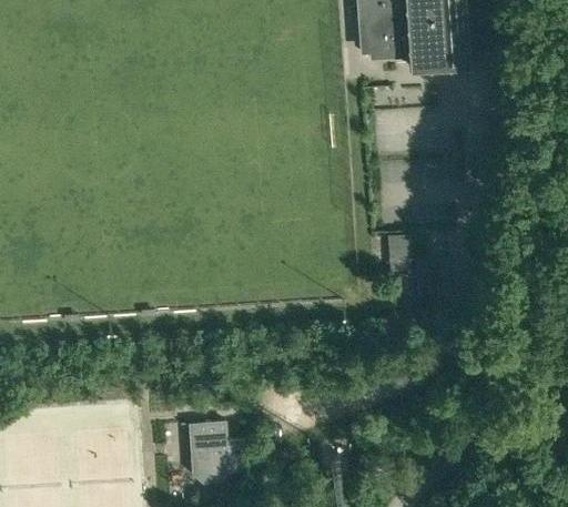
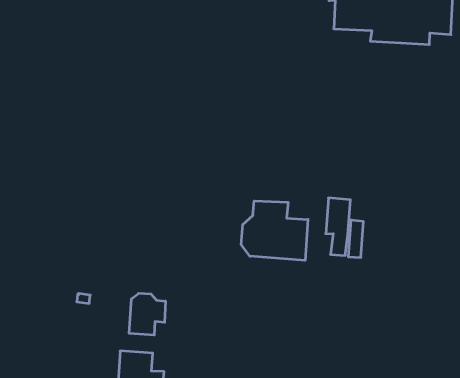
building: none -> [241,201,308,260]
building: none -> [129,293,165,335]

